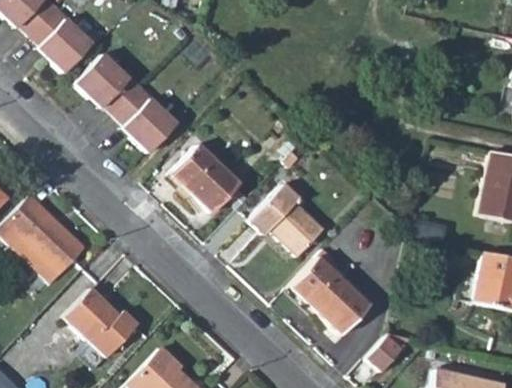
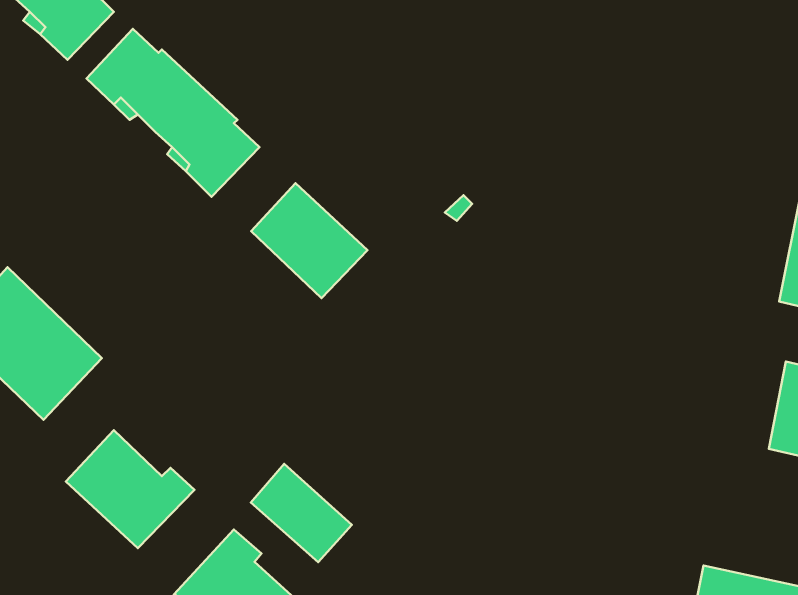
building: [250,184,324,256] -> none
building: [292,249,370,336] -> none
building: none -> [251,464,352,562]
building: [367,332,413,371] -> none

